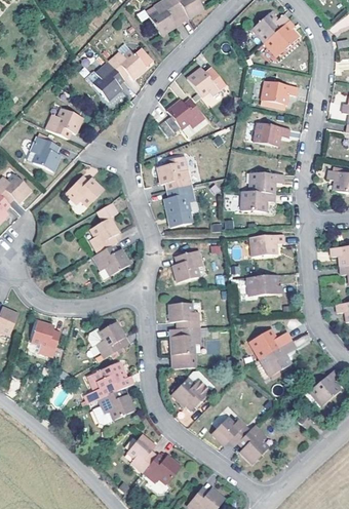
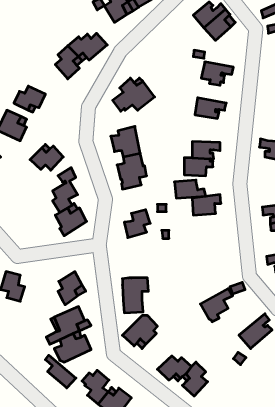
building: [187,67,228,100] -> none
building: [246,275,282,296] -> [174,180,206,198]
building: [169,303,199,328] -> none
building: [248,328,292,358] -> none
building: none -> [45,355,76,388]

